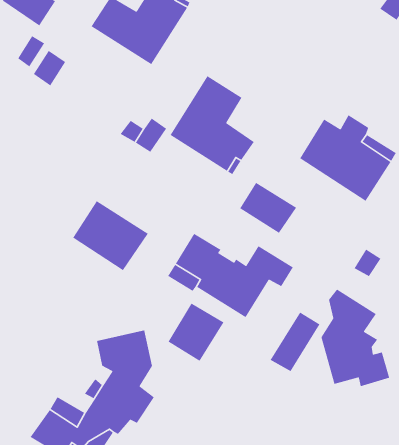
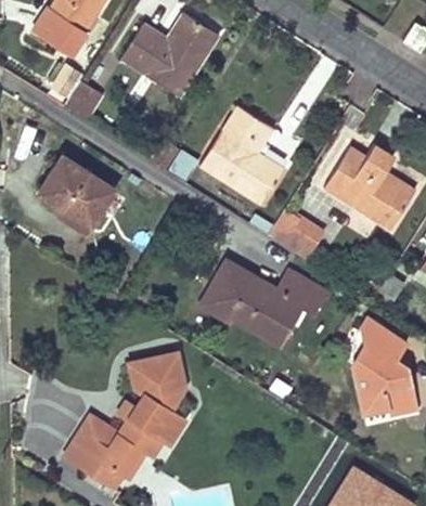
building: [72,200,149,271] -> [40,157,115,226]
building: [168,303,225,362] -> none
building: [269,311,320,372] -> none

